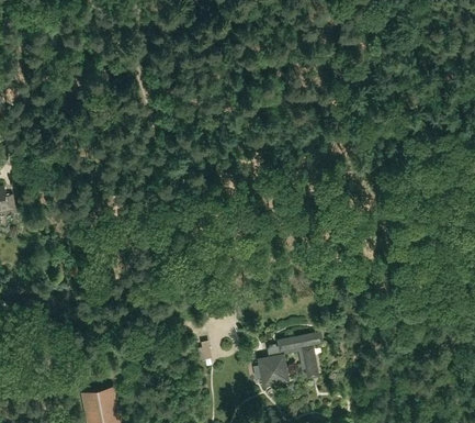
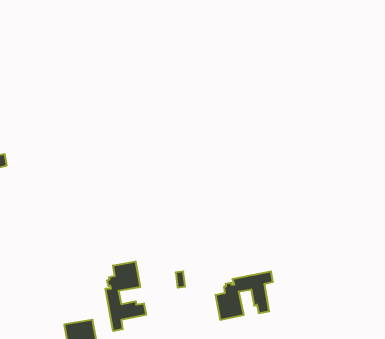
building: none -> [106,261,146,331]

